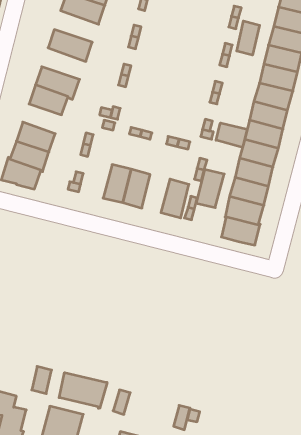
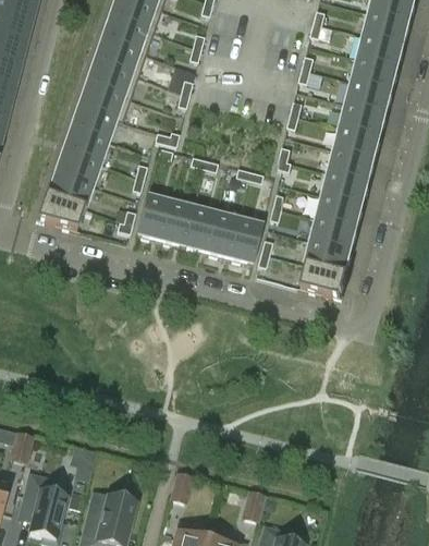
building: none -> [99,14,152,52]
building: [237,21,260,55] -> none
building: none -> [84,59,137,97]
building: none -> [61,126,108,162]
building: [216,123,247,147] -> none
building: none -> [135,193,169,240]
building: [196,170,224,208] -> [205,211,238,257]
building: [59,373,107,408] -> none

